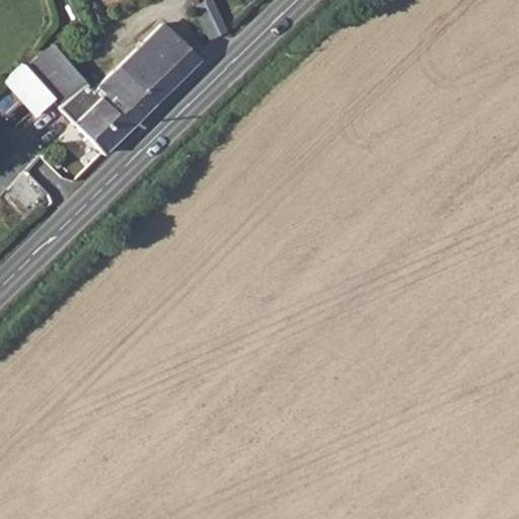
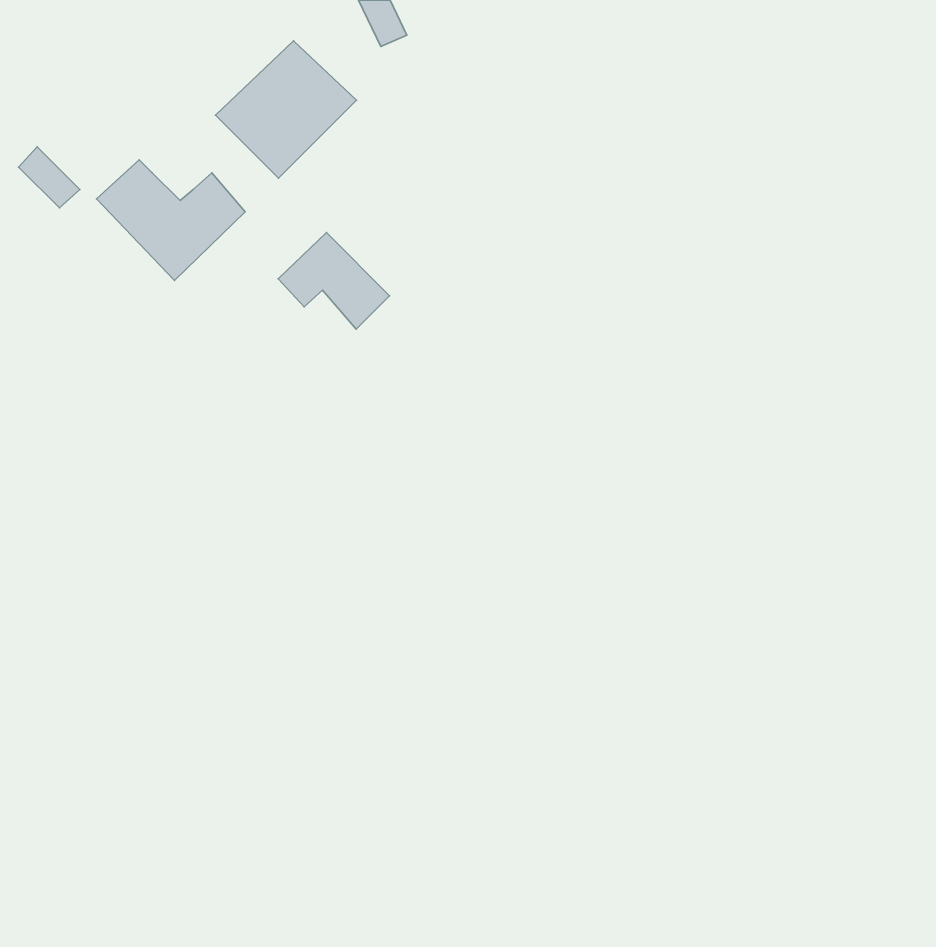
building: [24,49,80,105] -> none
building: [98,64,159,117] -> [278,233,390,329]

